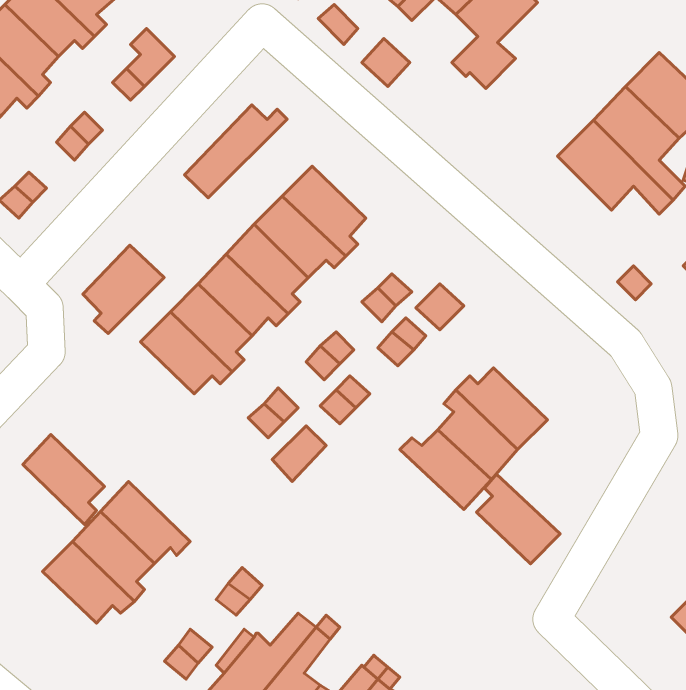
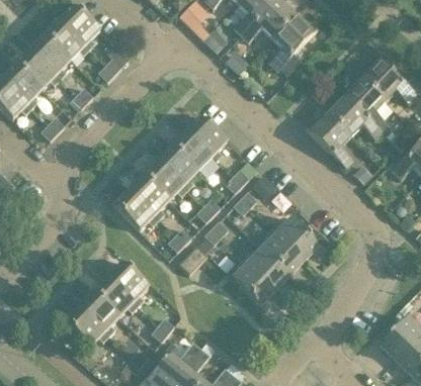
building: [185,105,287,198] -> none
building: none -> [306,110,353,168]
building: [83,245,164,334] -> none
building: [23,435,105,524] -> [105,260,147,305]
building: [476,474,560,564] -> [233,259,275,304]

